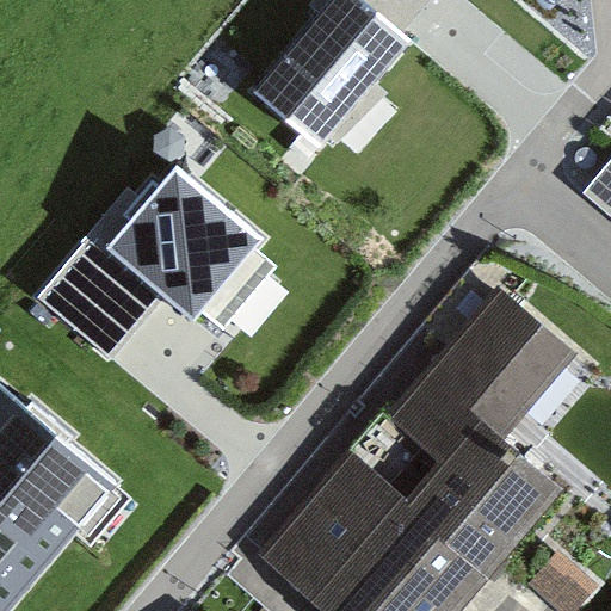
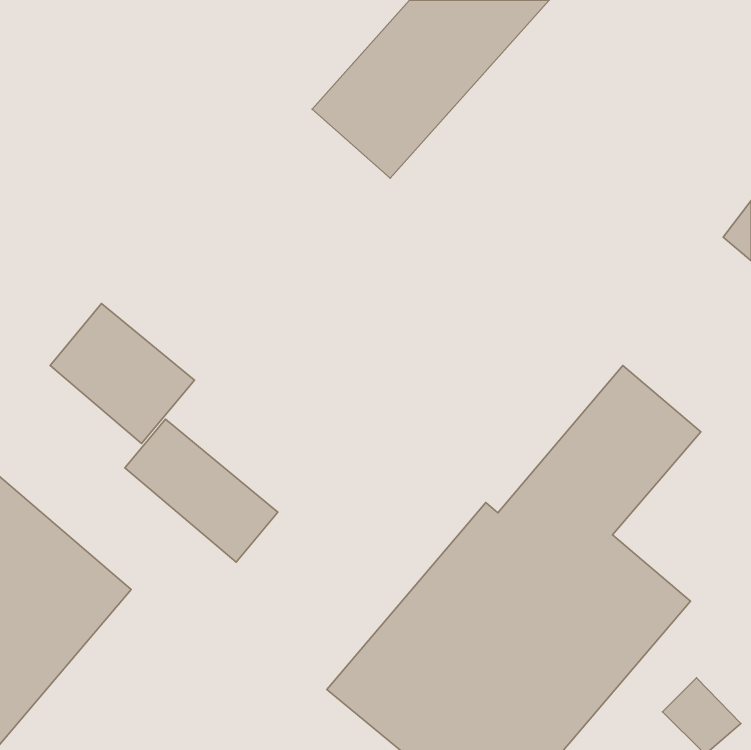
building: [106,167,261,320] -> none
building: none -> [125,419,278,562]

